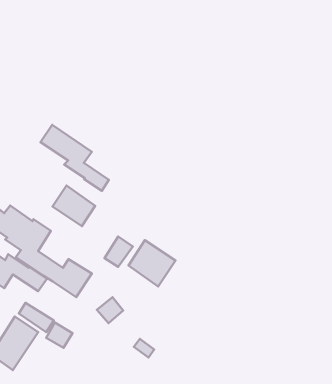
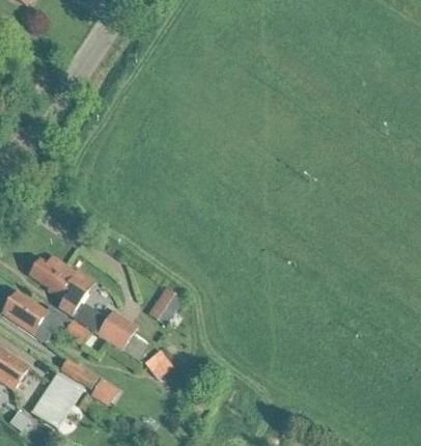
building: [41,125,109,191] -> none
building: [52,186,95,226] -> none
building: [128,240,175,286] -> none

